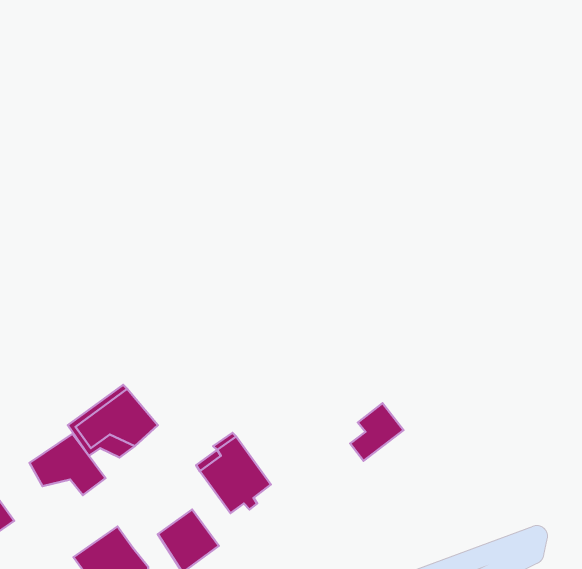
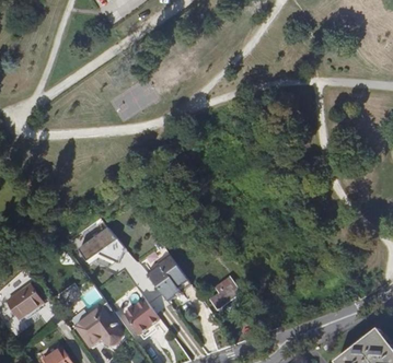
building: [350,403,404,461] -> [208,277,239,309]
building: [30,434,105,495] -> none

